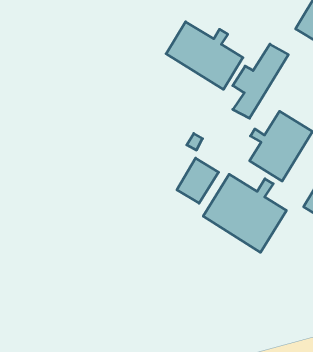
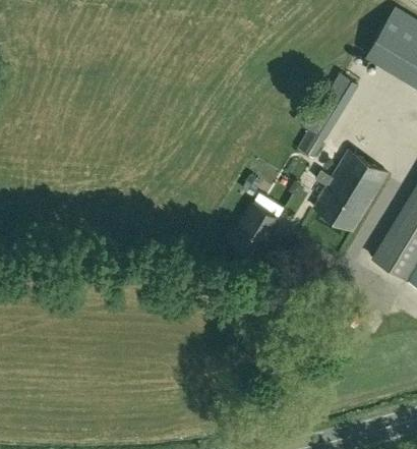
building: [166,22,243,89] -> none
building: [203,174,286,252] -> none

